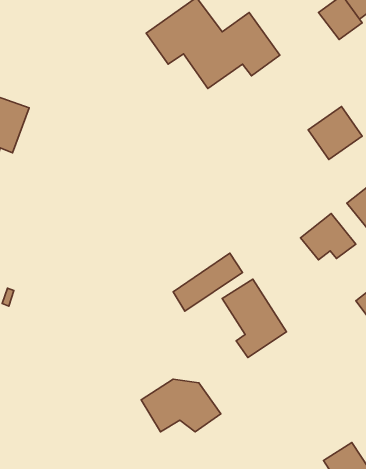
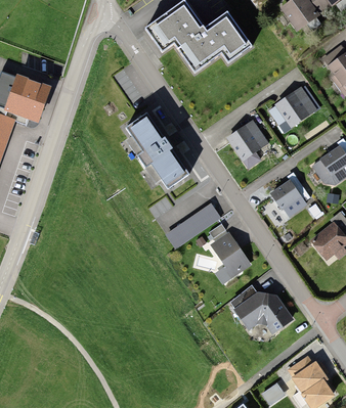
building: none -> [128,114,186,185]
building: none -> [225,119,270,162]
building: [141,379,221,432] -> [229,290,293,332]

